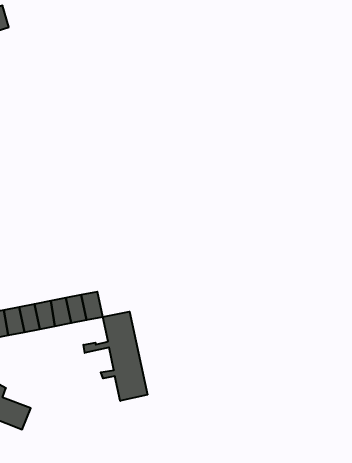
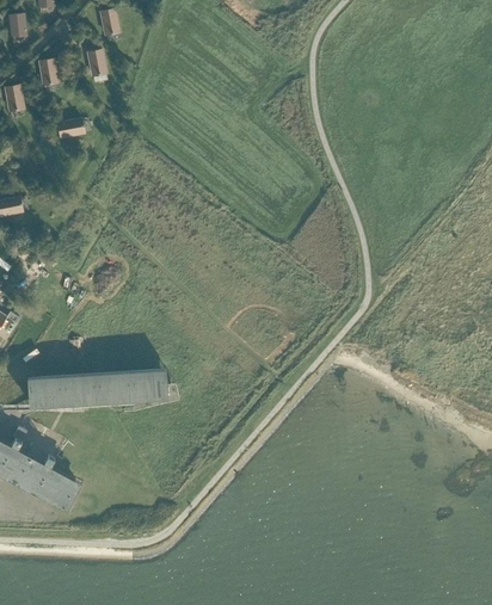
building: [83,312,147,401] -> none

